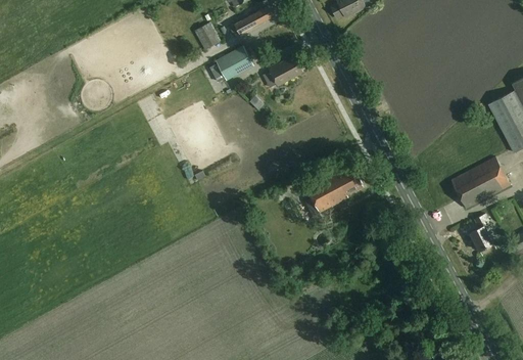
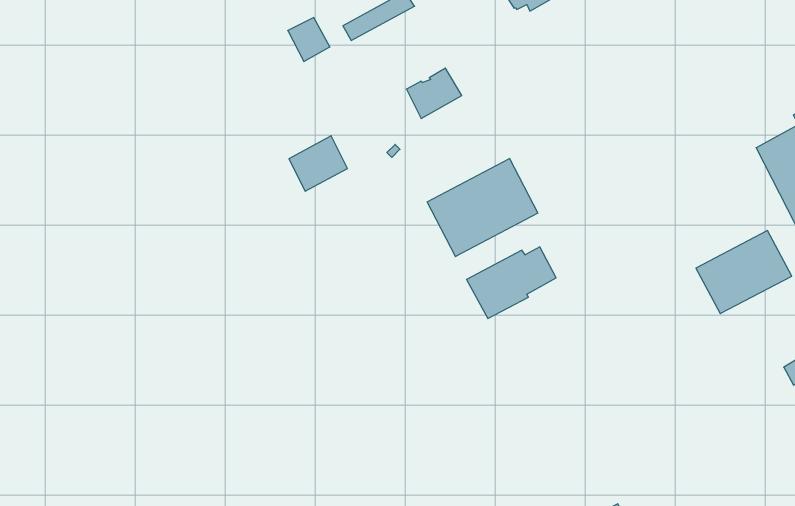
building: [216,46,252,81] -> [289,136,347,191]
building: none -> [427,158,538,257]
building: [470,213,493,251] -> none

